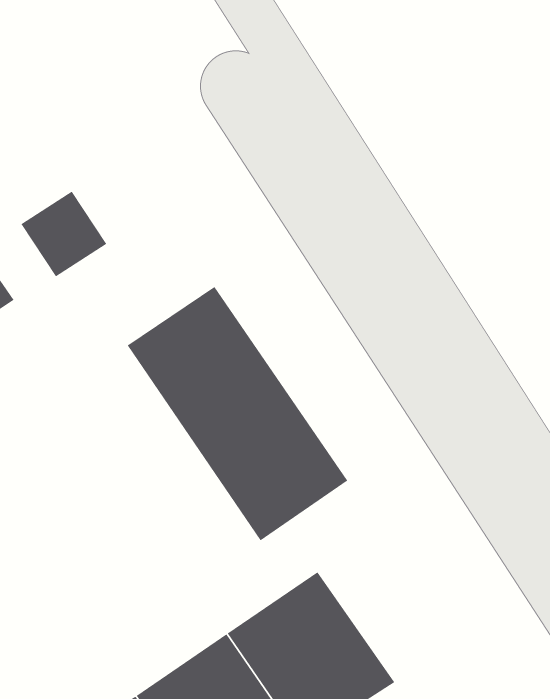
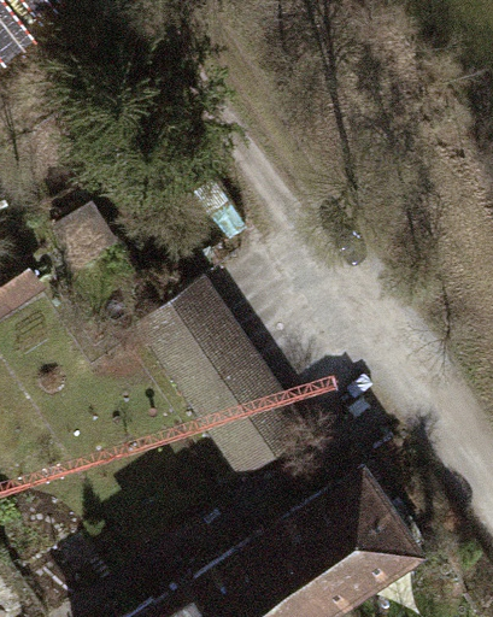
building: none -> [292,462,425,599]

